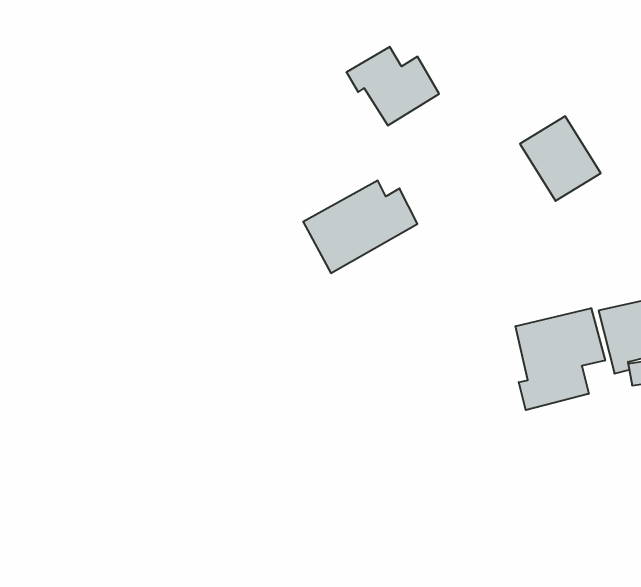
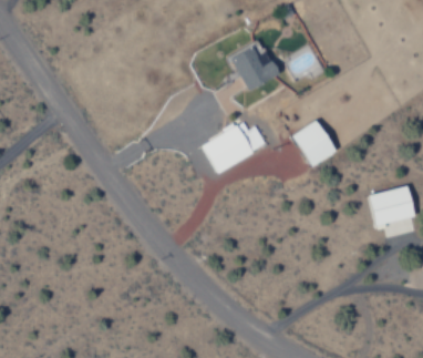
building: [520,116,601,201] -> [291,120,337,167]
building: [516,308,605,410] -> none

